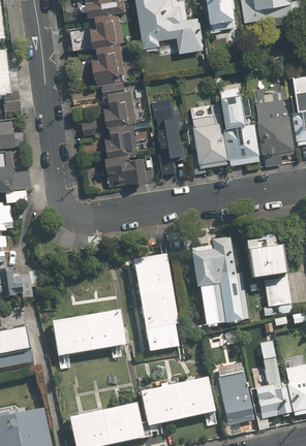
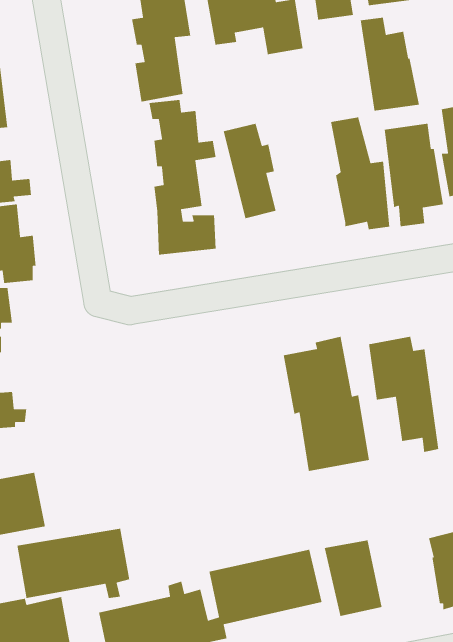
building: [190,103,230,165] -> [360,17,420,111]
building: [133,254,178,351] -> none
building: [51,309,125,355] -> [17,528,130,599]
building: [255,339,292,428] -> none

